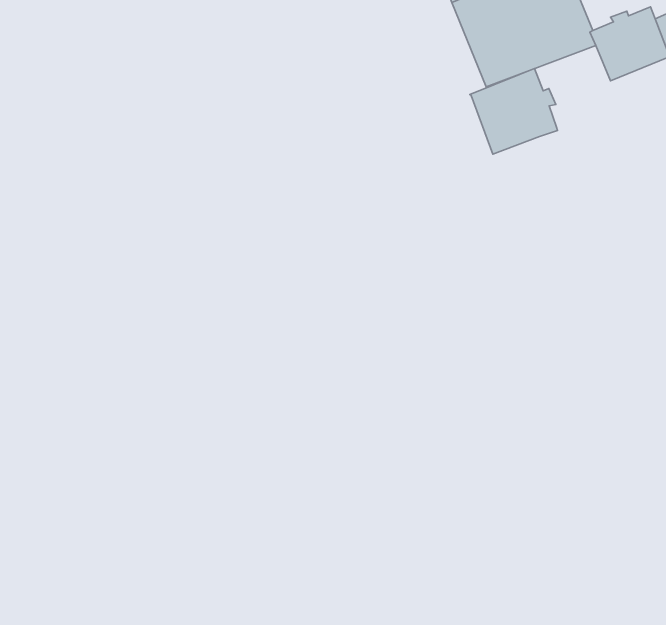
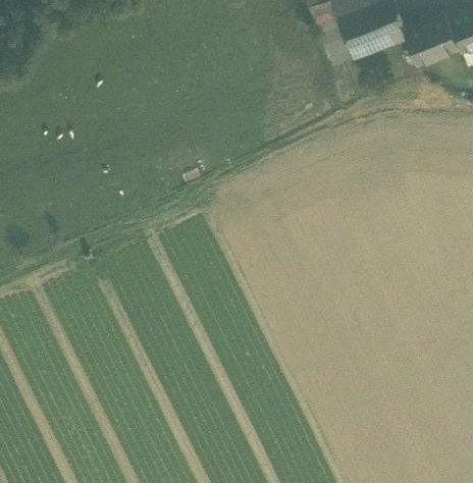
building: [470,68,557,154] -> none

